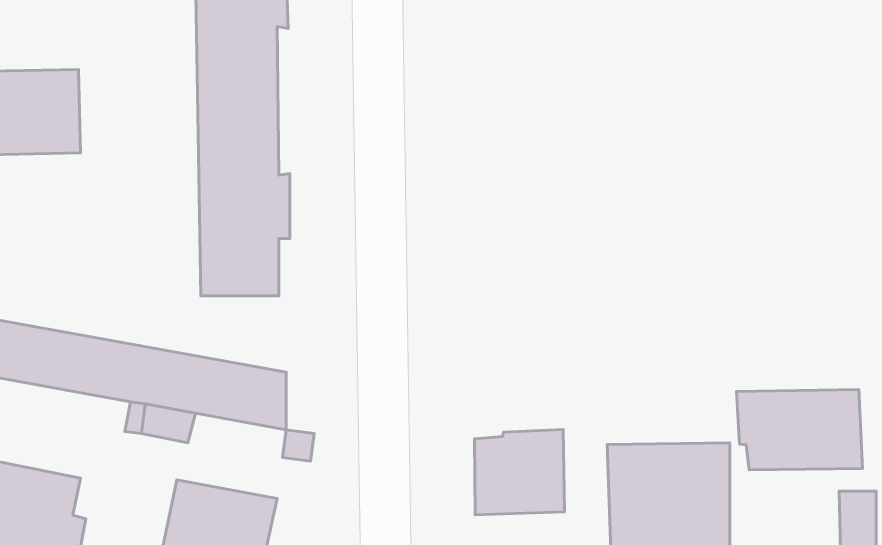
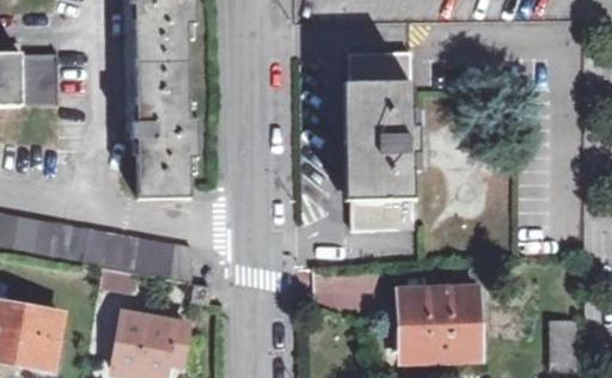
building: none -> [347,54,414,230]
building: [736,390,862,470] -> none
building: [474,430,564,515] -> none

